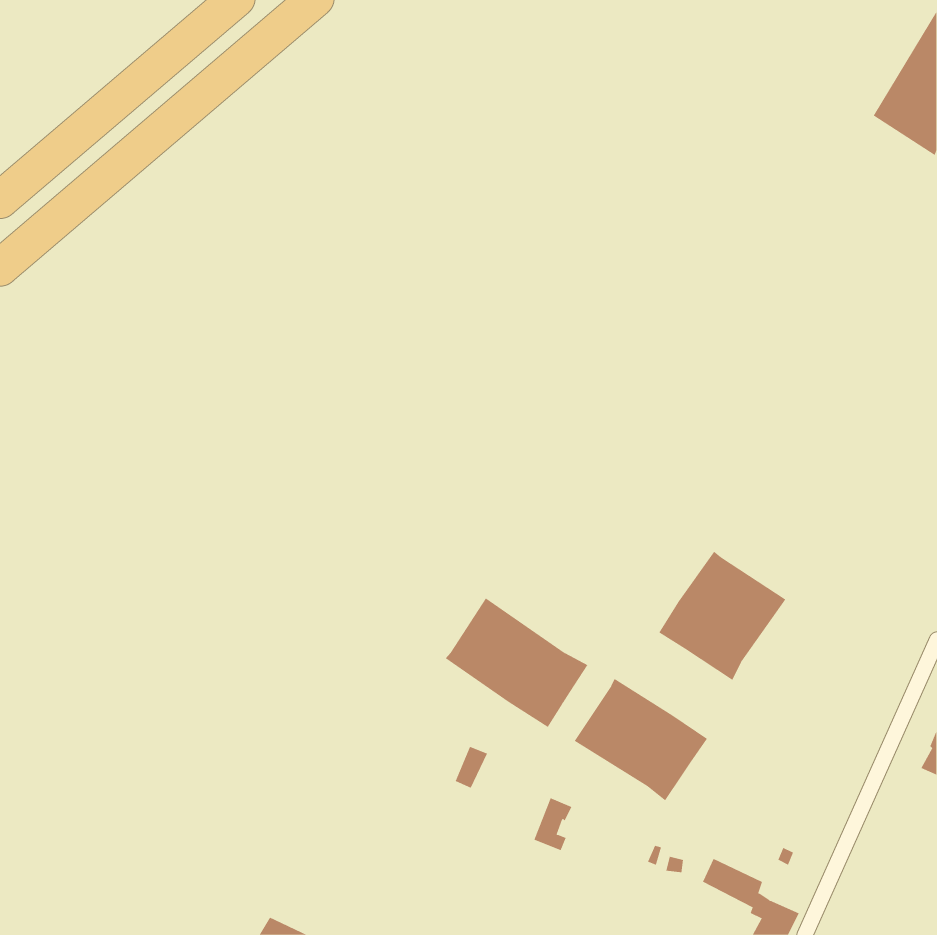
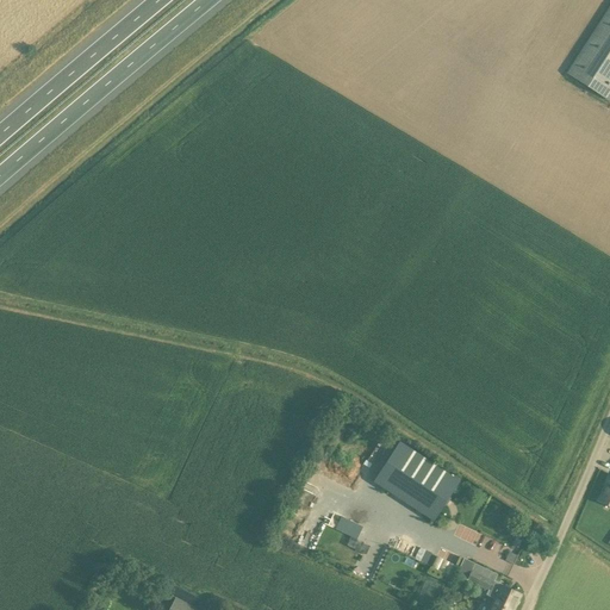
building: [658,551,786,681] -> none
building: [445,597,588,728] -> none

